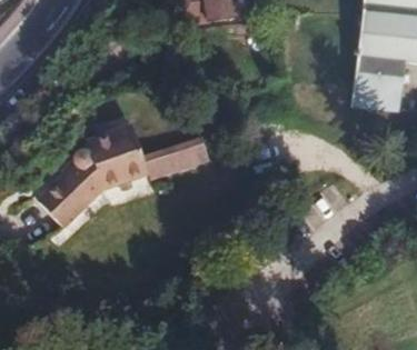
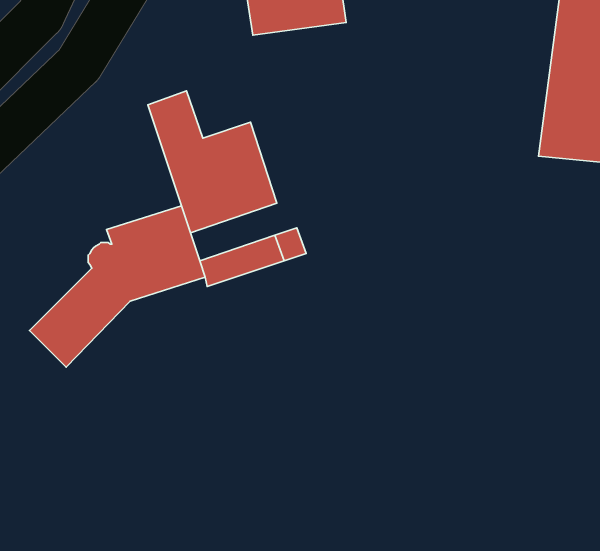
building: none -> [148,91,277,233]

